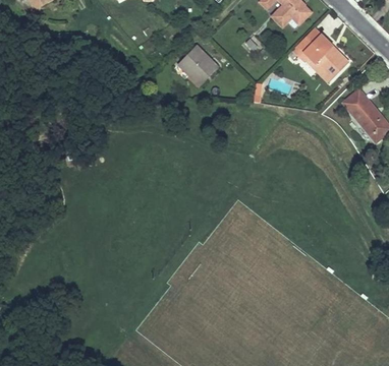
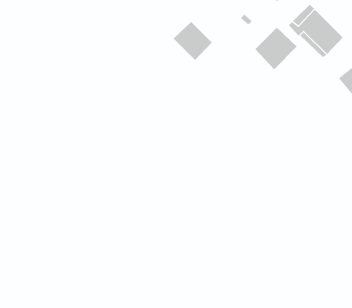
building: none -> [254,27,298,70]

